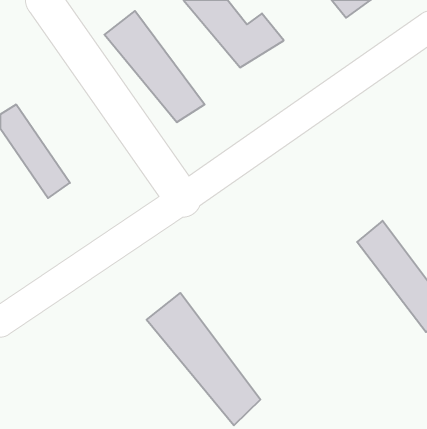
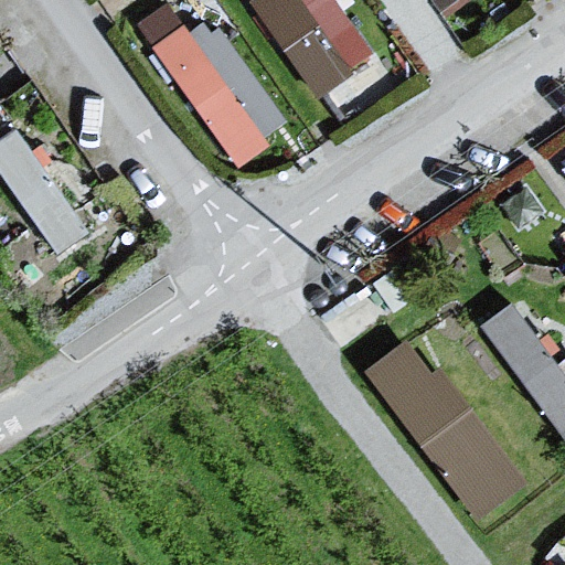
building: none -> [363,338,519,503]
building: [147,293,260,425] -> none

